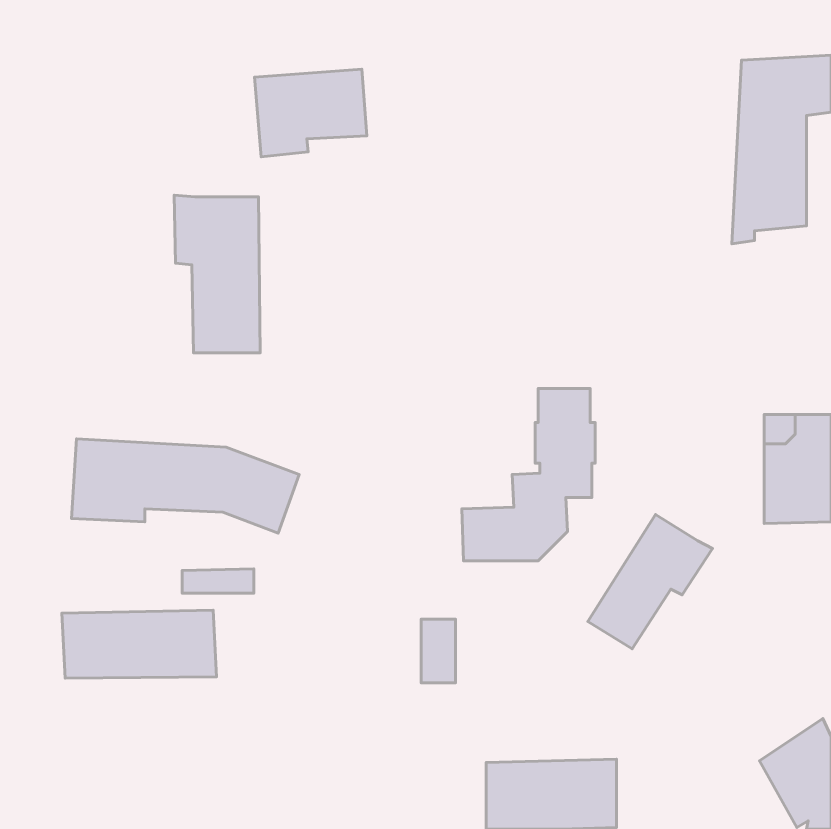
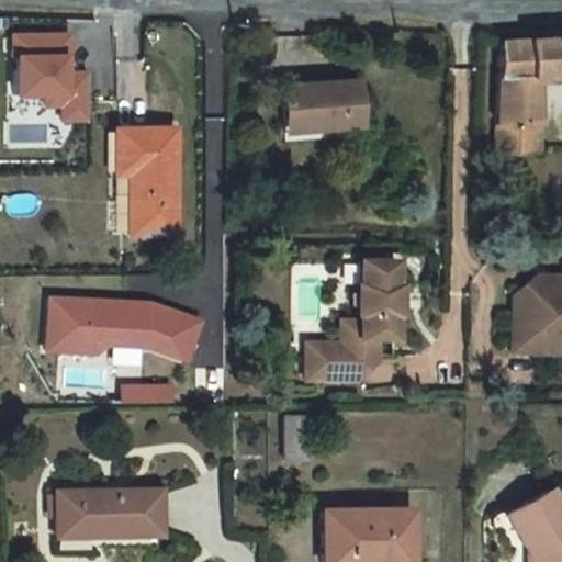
building: none -> [14,33,88,123]
building: [255,69,367,157] -> [289,79,364,138]
building: [588,515,713,649] -> none
building: [62,610,216,678] -> [60,492,165,538]

